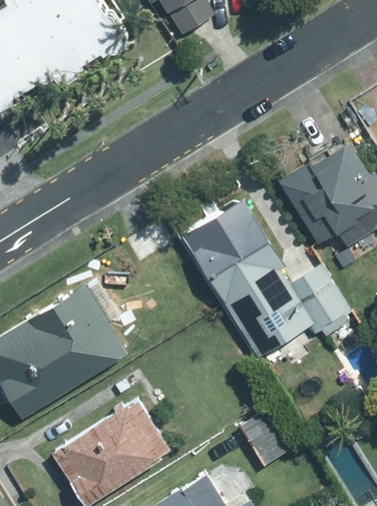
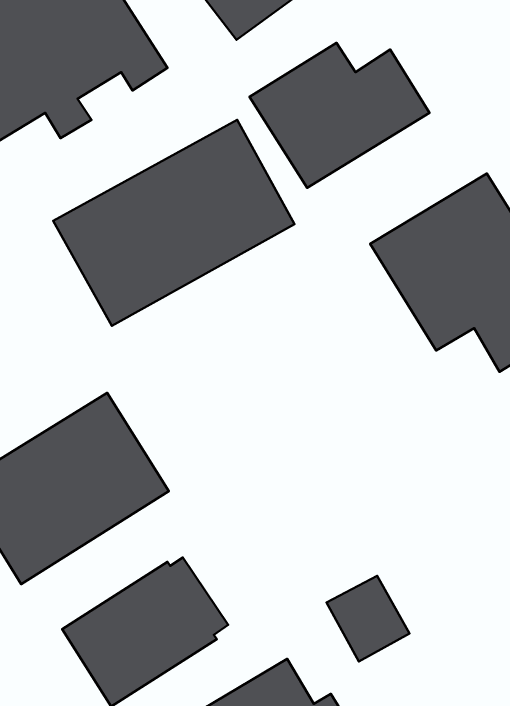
building: none -> [249,43,429,188]
building: none -> [53,120,294,326]
building: [181,200,365,373] -> none

